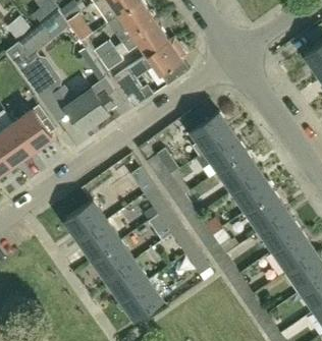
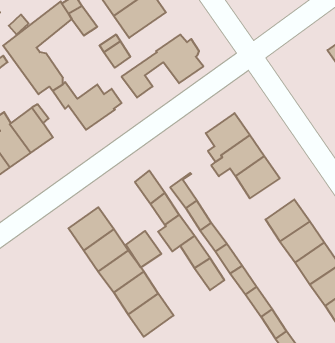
building: [121,21,168,57] -> none
building: [145,149,177,182] -> none
building: [232,174,273,212] -> none
building: none -> [126,231,161,268]

